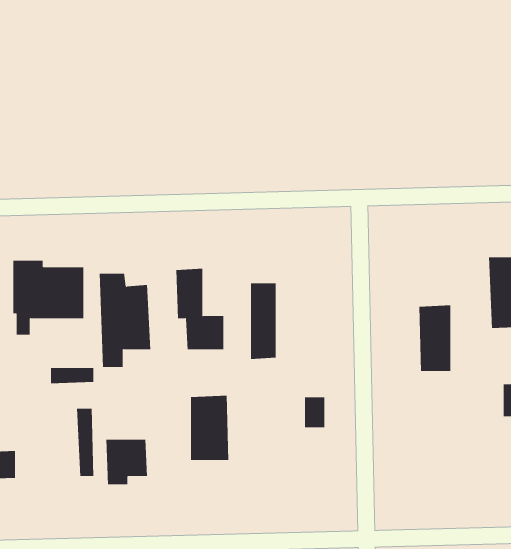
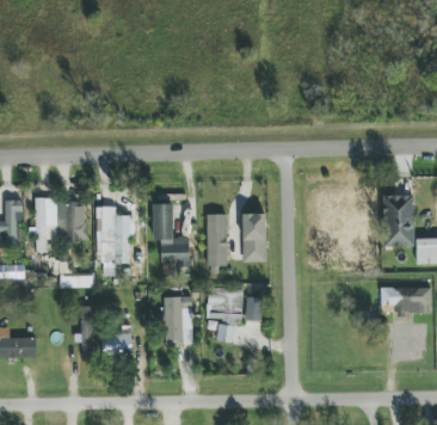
building: [418,305,451,372] -> [242,212,266,261]
building: none -> [209,288,244,343]

